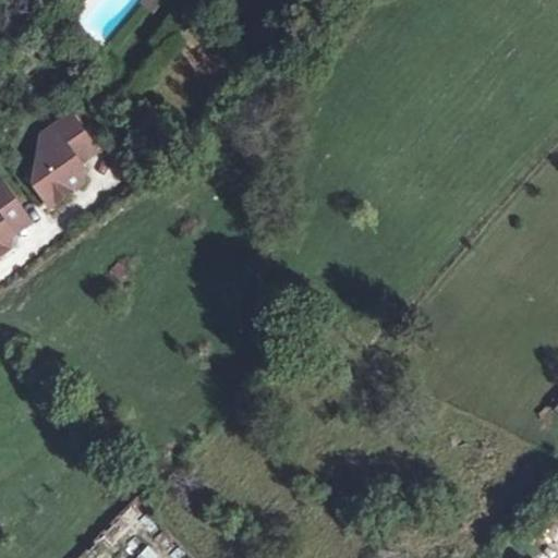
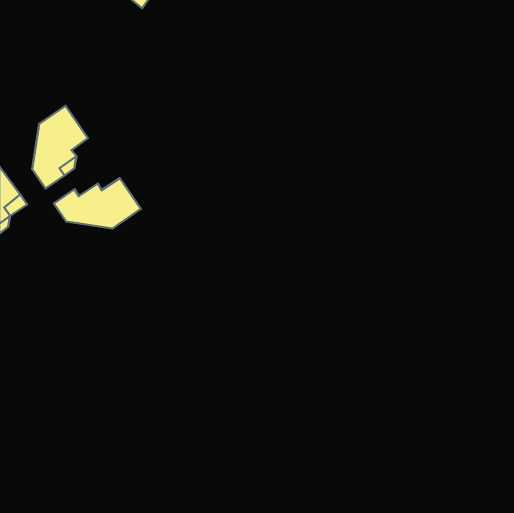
building: none -> [54,178,141,228]

